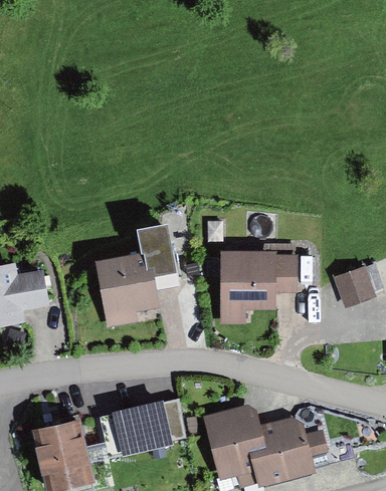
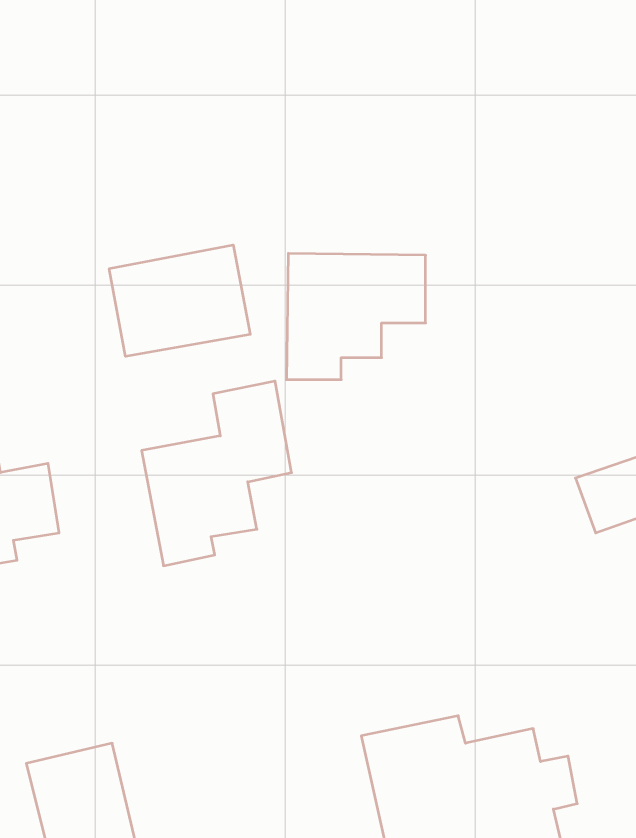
building: none -> [109,245,250,356]
building: [220,253,297,322] -> [286,253,426,380]
building: [112,397,188,452] -> none

